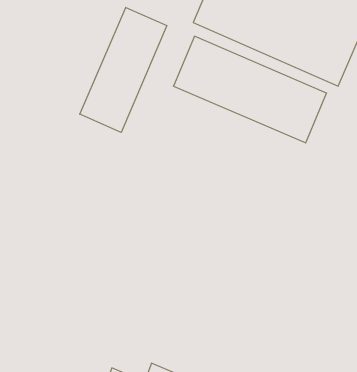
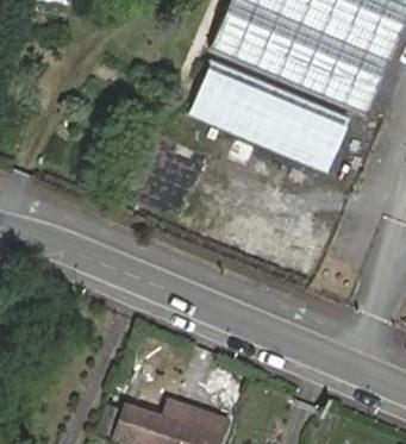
building: [80,7,167,132] -> none

